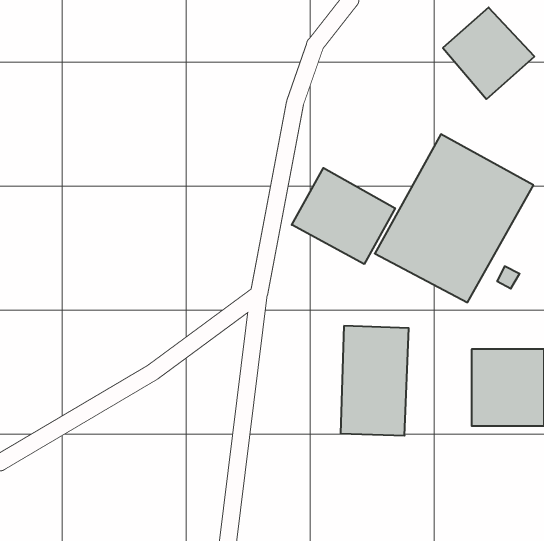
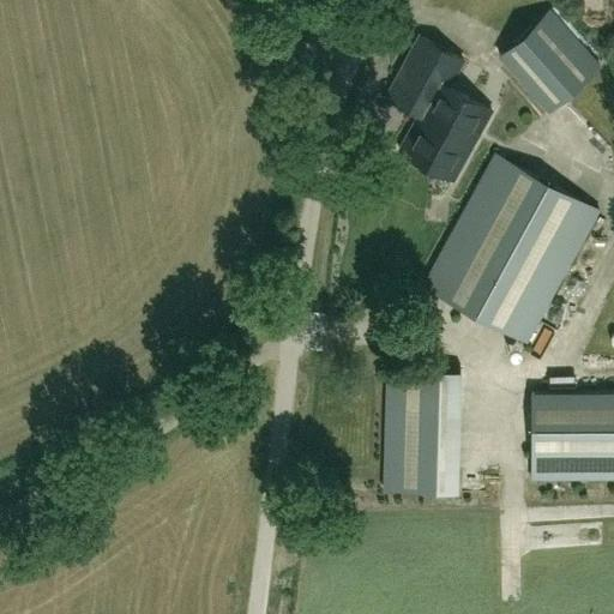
building: none -> [386,37,492,181]
building: [292,168,395,264] -> none

